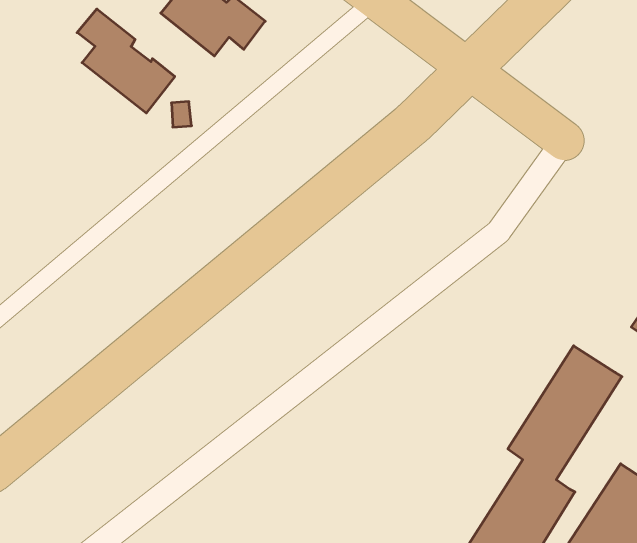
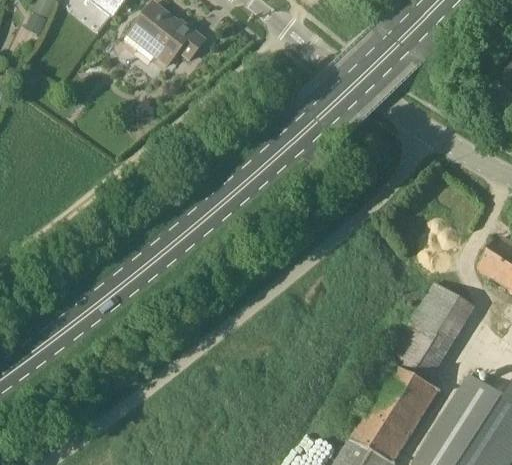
building: [77,9,175,113] -> none

